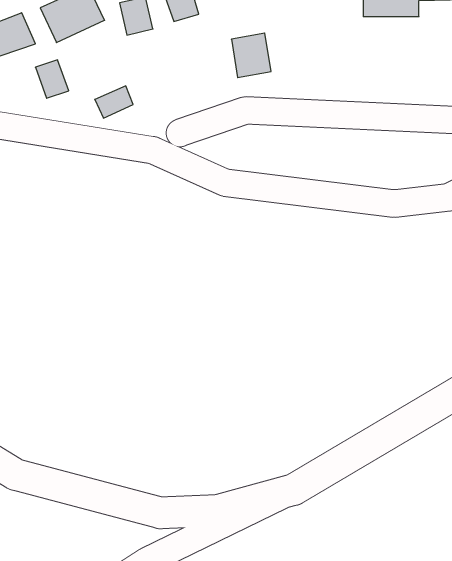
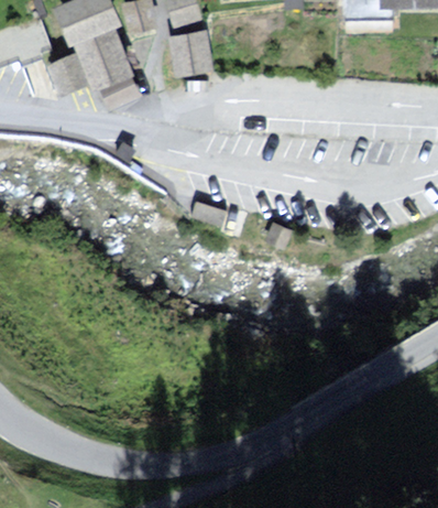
building: none -> [77,33,125,88]
building: [231,33,271,78] -> [174,33,209,73]

